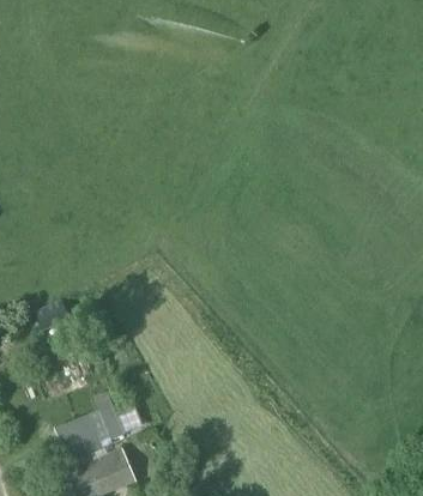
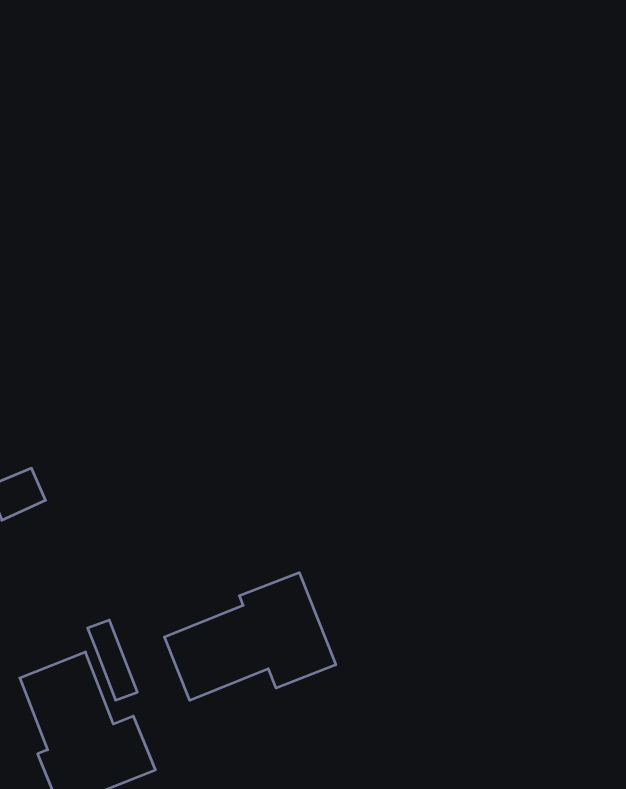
building: none -> [164,573,336,700]

